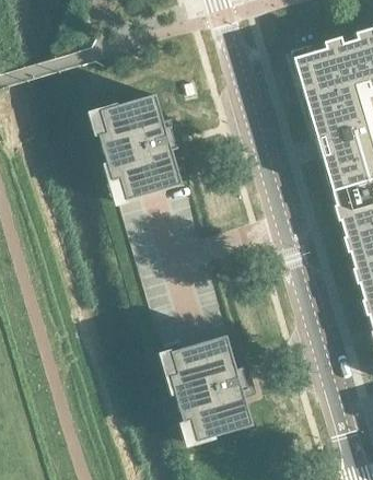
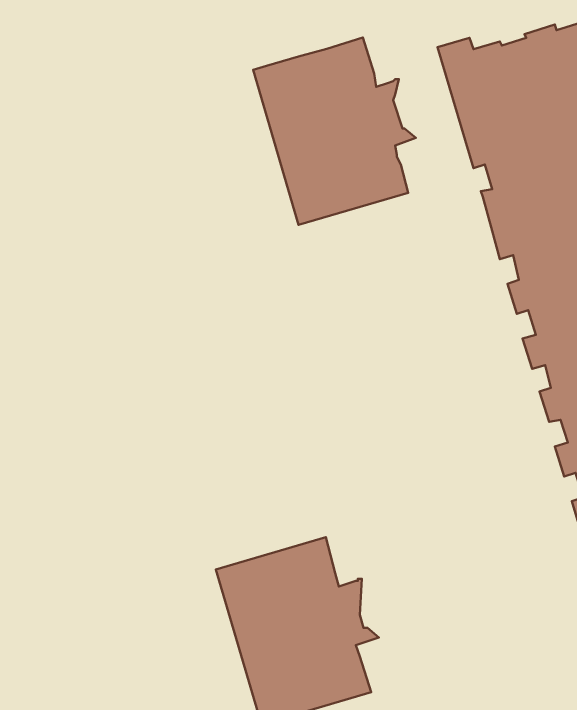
building: [92,94,186,202] -> [253,38,416,225]

